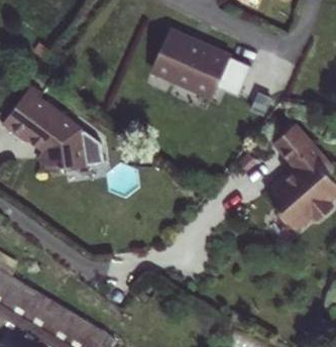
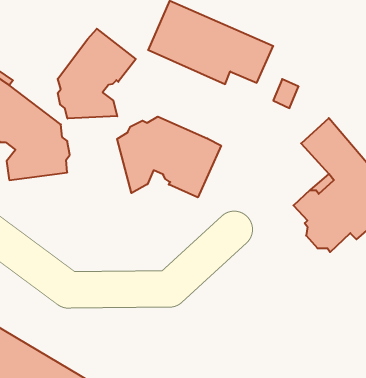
building: none -> [58,29,136,119]
building: none -> [117,117,221,197]

